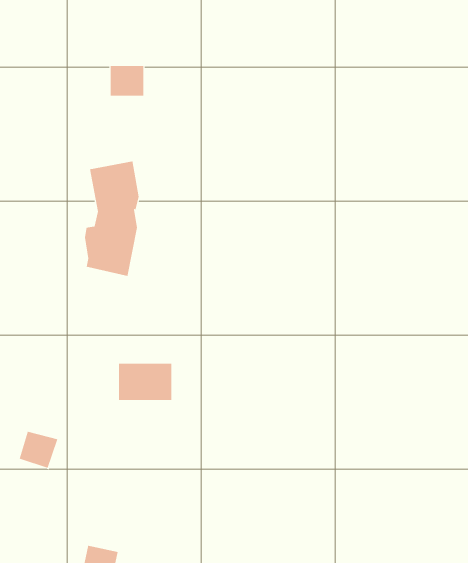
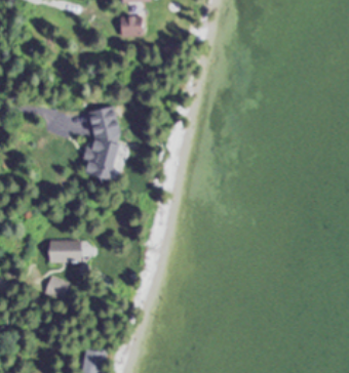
building: [110,65,144,96] -> [121,17,143,37]
building: [118,363,172,400] -> [50,239,84,262]

